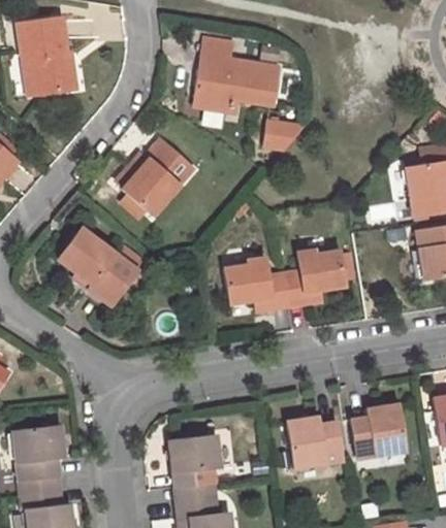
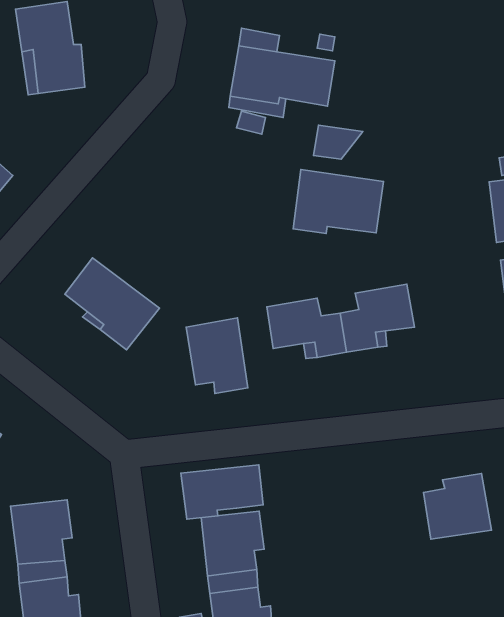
building: [123,138,192,213] -> none
building: none -> [293,169,383,234]
building: none -> [186,318,248,393]
building: none -> [181,465,263,519]
building: [288,417,343,469] -> none

